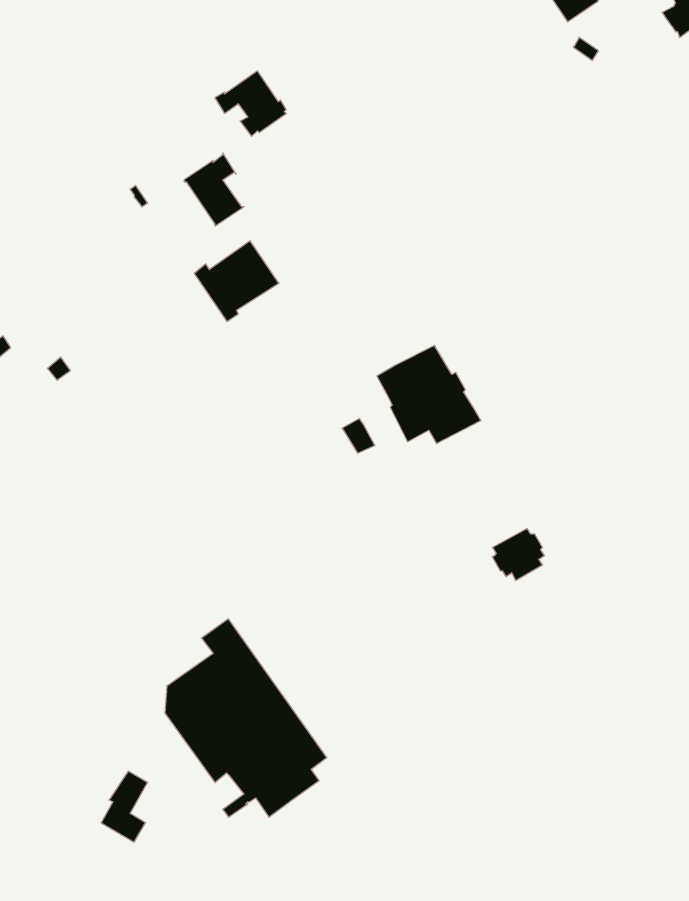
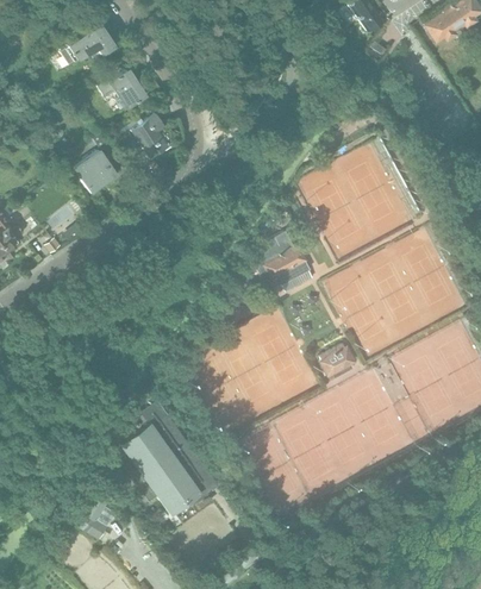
building: none -> [63,23,112,64]
building: [215,71,286,136] -> [101,68,145,108]
building: [194,241,279,322] -> [67,149,119,199]

